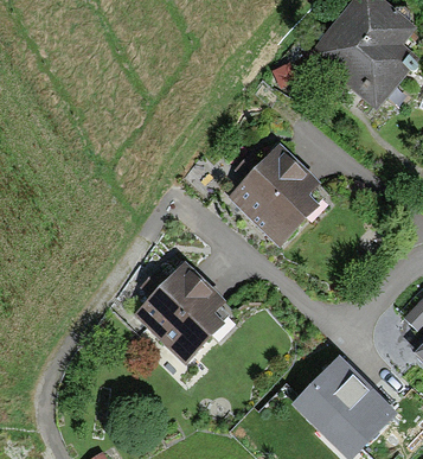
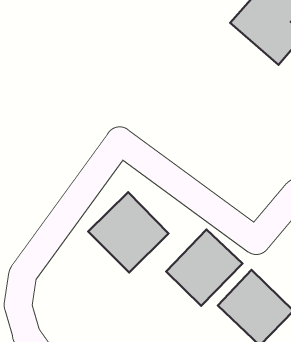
building: [229,144,322,246] -> none
building: none -> [166,229,242,306]

